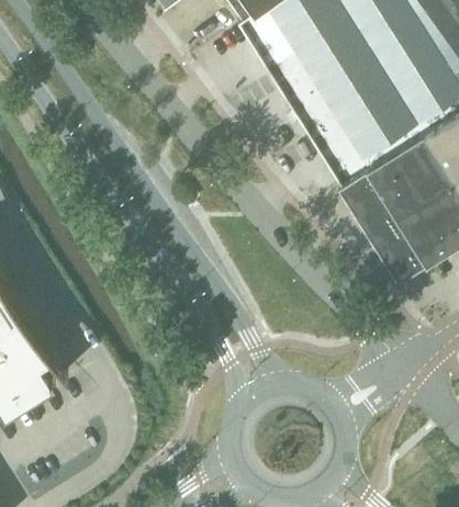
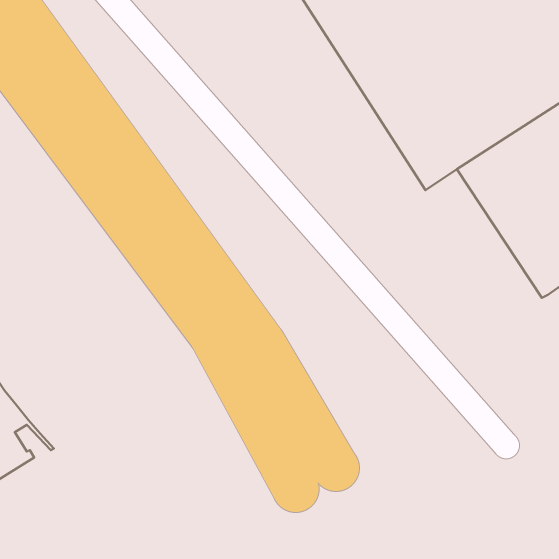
building: [339,172,428,285] -> none

